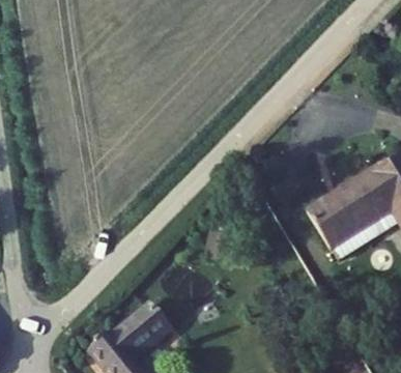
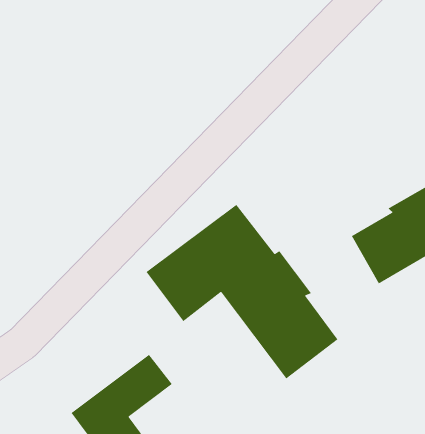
building: none -> [145,204,339,380]

